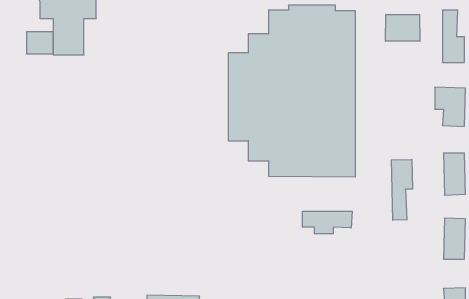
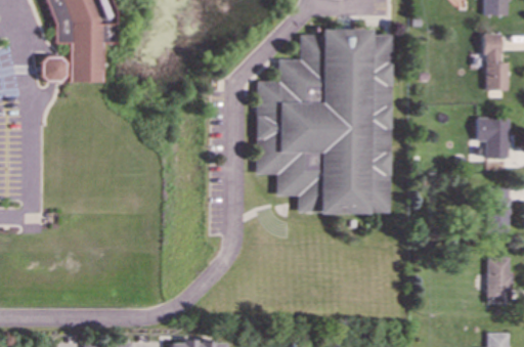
building: [386,14,420,41] -> none
building: [391,159,412,220] -> none
building: [303,211,352,234] -> none

